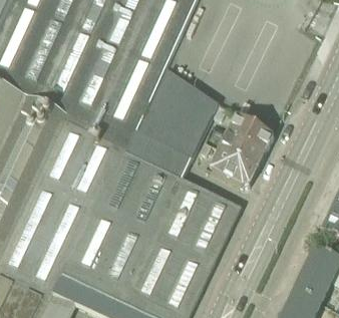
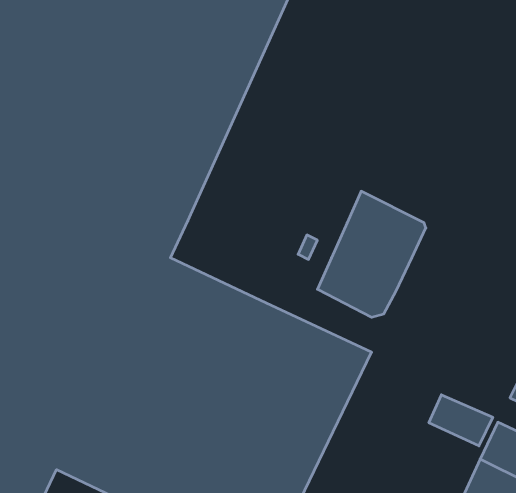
building: [126,67,219,176] -> none
building: none -> [429,395,493,446]

